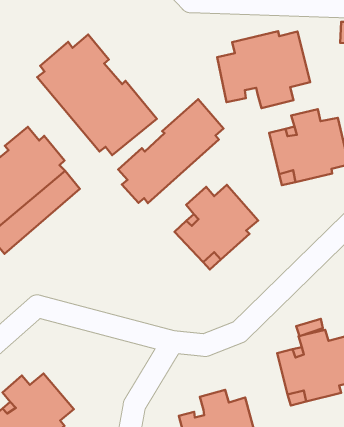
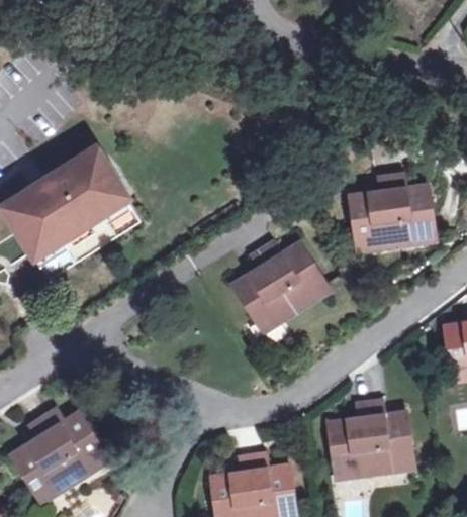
building: [217,31,310,108] -> none
building: [37,35,157,155] -> none
building: [118,99,224,203] -> none

